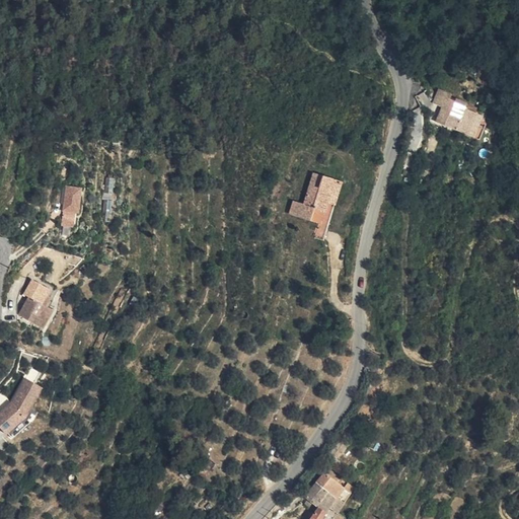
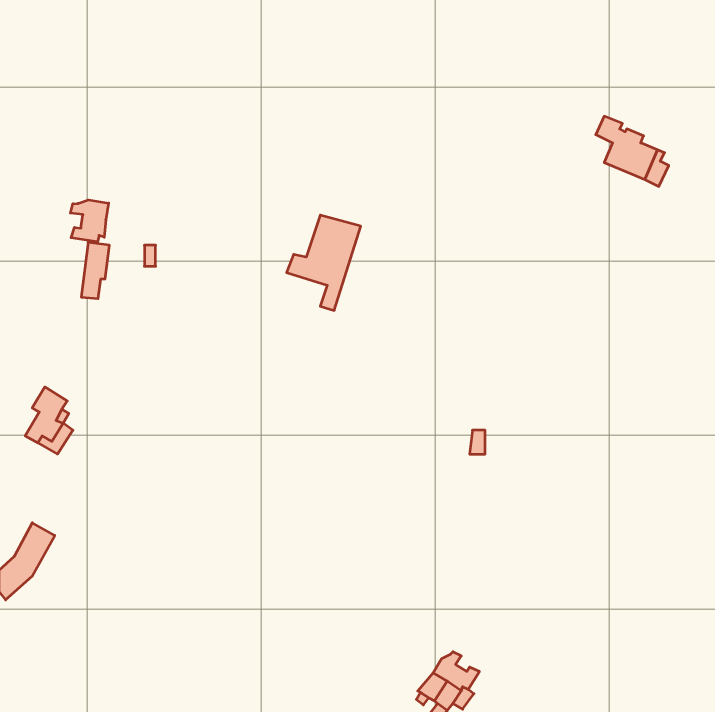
building: none -> [70,200,109,242]
building: [287,167,341,236] -> [287,215,361,310]

